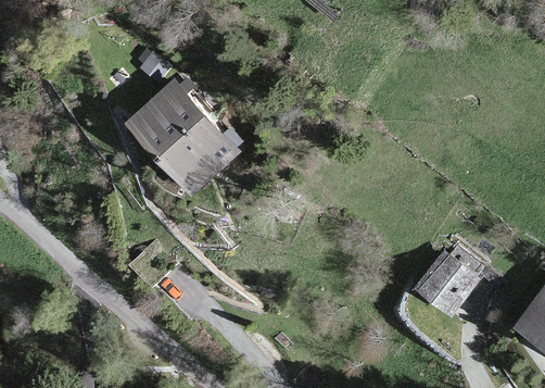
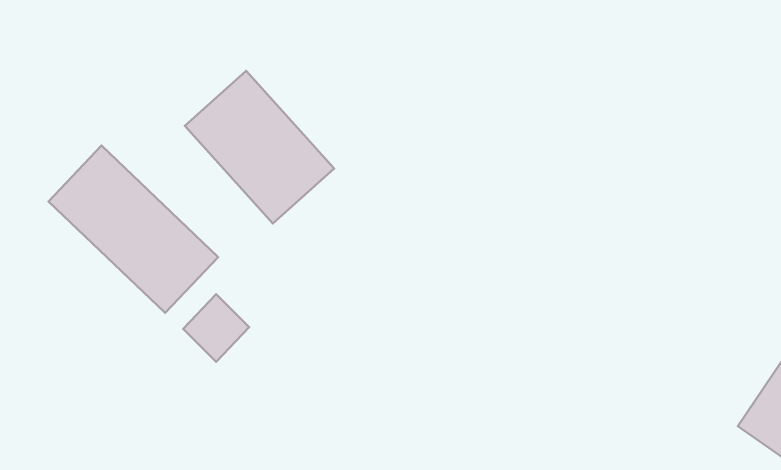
building: none -> [48,146,218,313]
building: [416,252,480,318] -> none

